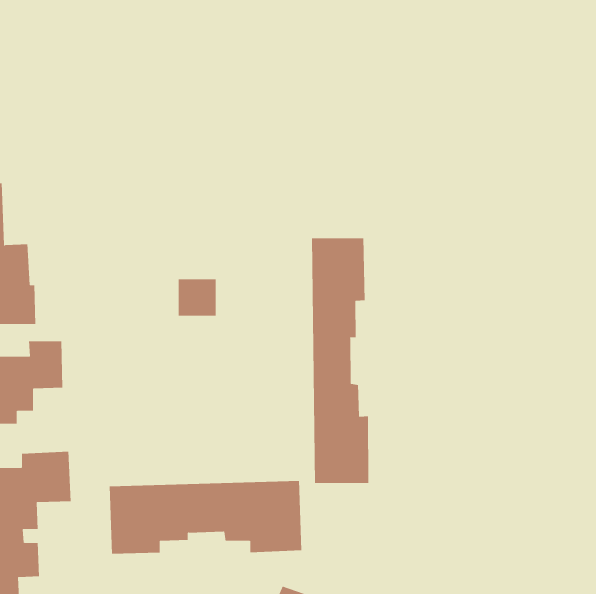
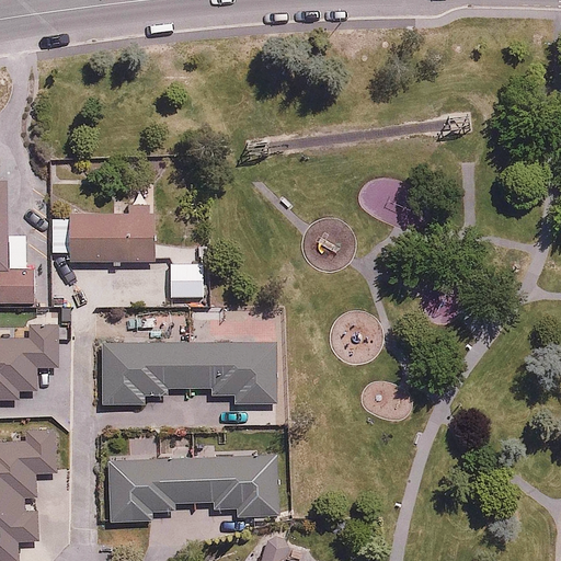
building: none -> [66,210,156,263]
building: [311,238,369,484] -> none
building: none -> [98,340,276,407]

